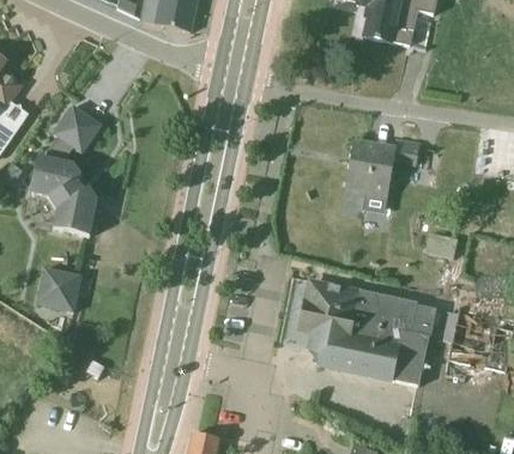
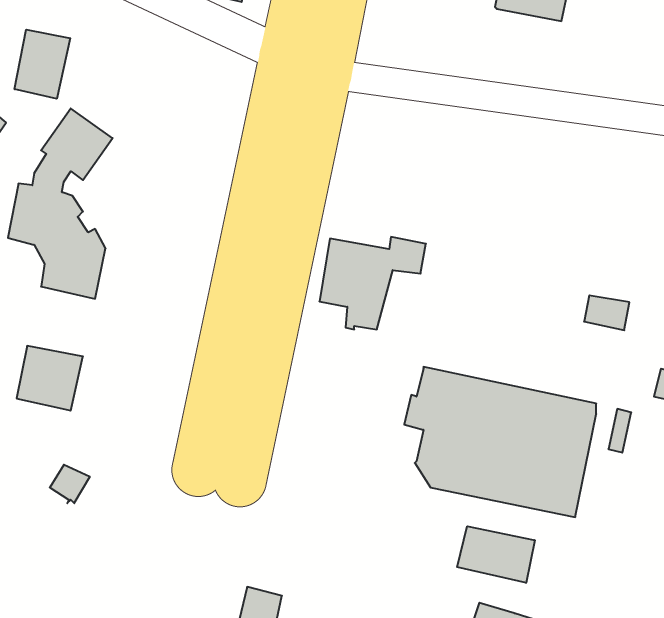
building: none -> [15,30,70,99]
building: [346,139,419,202] -> [319,237,426,329]
building: none -> [457,526,535,583]

